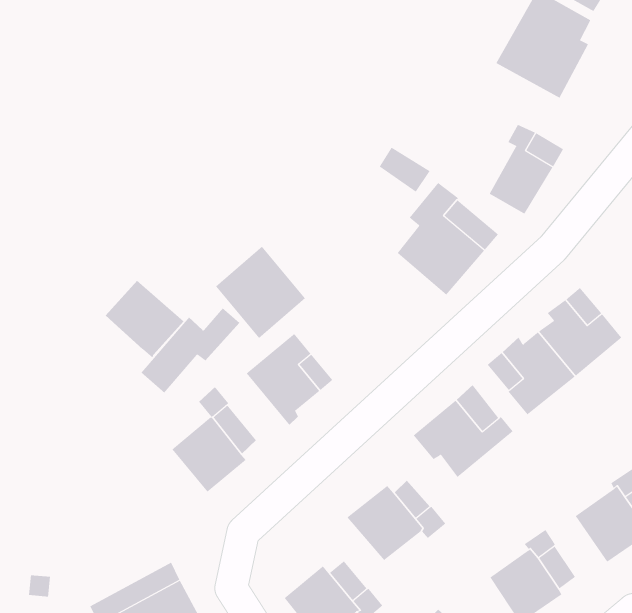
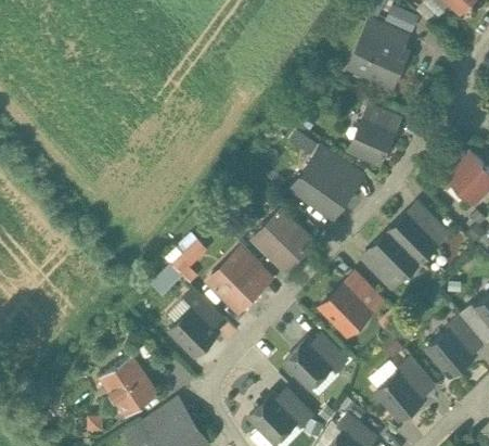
building: [215,246,306,339] -> [254,211,311,269]
building: [105,280,184,359] -> none
building: none -> [99,355,158,418]

